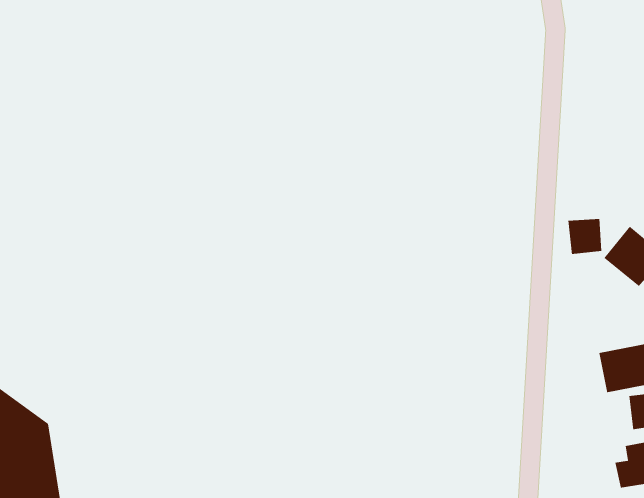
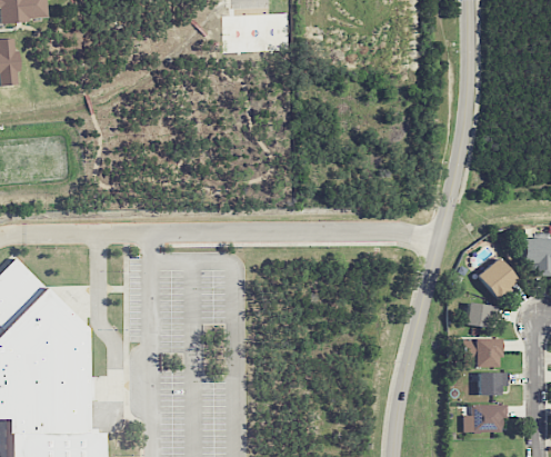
building: [567,219,602,254] -> [469,302,492,327]

